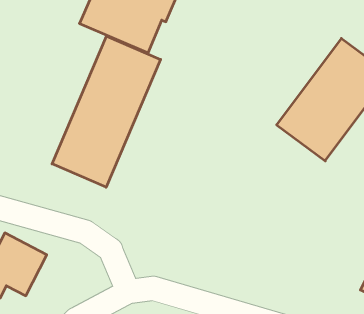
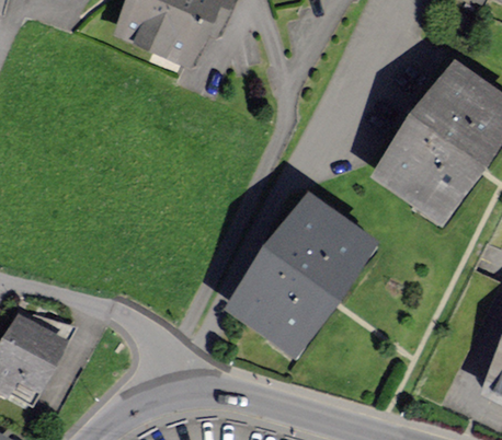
building: [52,36,161,187] -> none
building: none -> [228,185,376,346]

